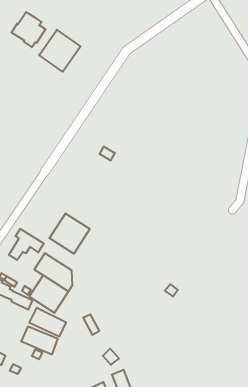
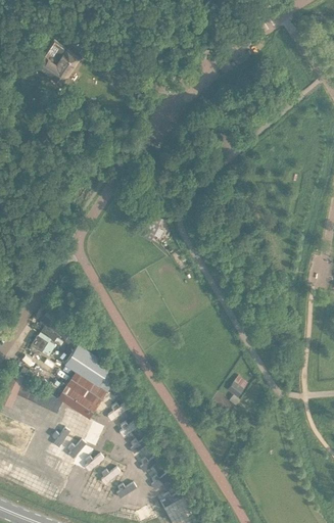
building: [39,30,80,72] -> none
building: [49,213,90,254] -> none

